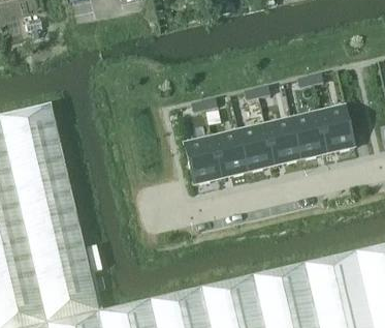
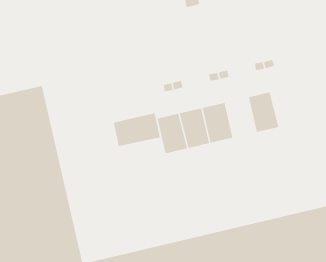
building: [317,106,353,153] -> none
building: [264,118,300,166] -> none
building: none -> [113,112,161,147]

